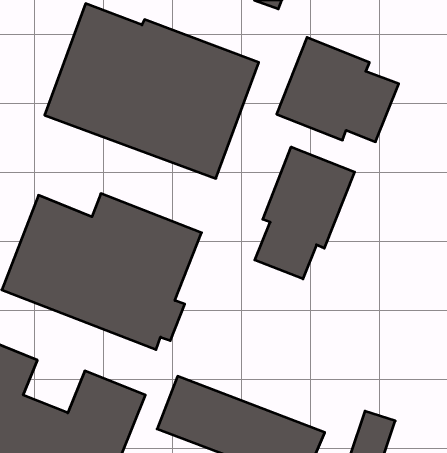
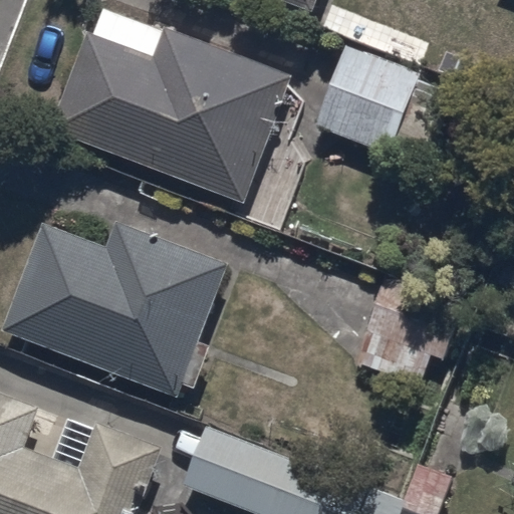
building: [255,147,355,279] -> none

